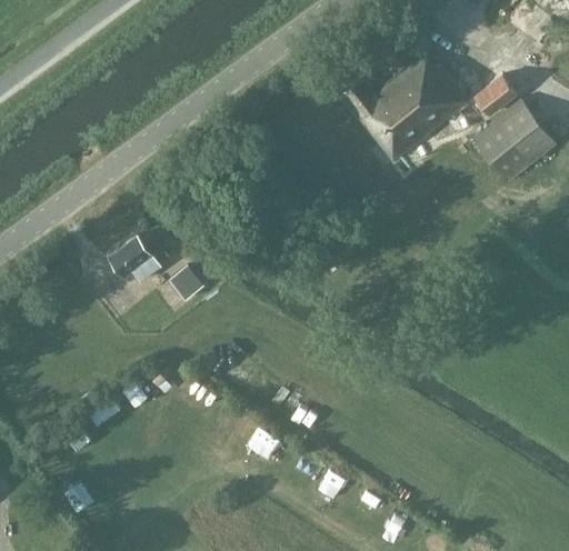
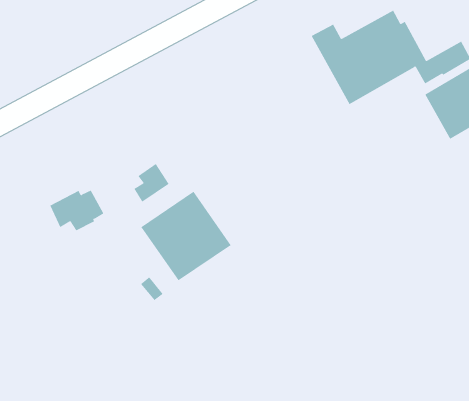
building: [107,233,167,280] -> [50,190,104,231]
building: none -> [141,191,231,281]

